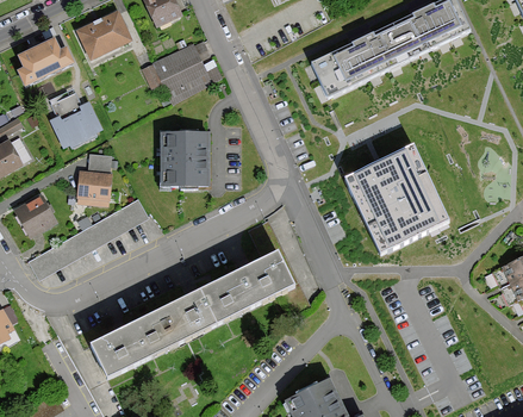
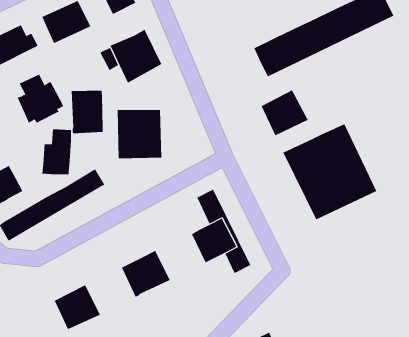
building: none -> [260,90,309,136]
building: none -> [71,90,103,134]
building: [204,270,259,322] -> none
building: [126,307,181,360] -> none

